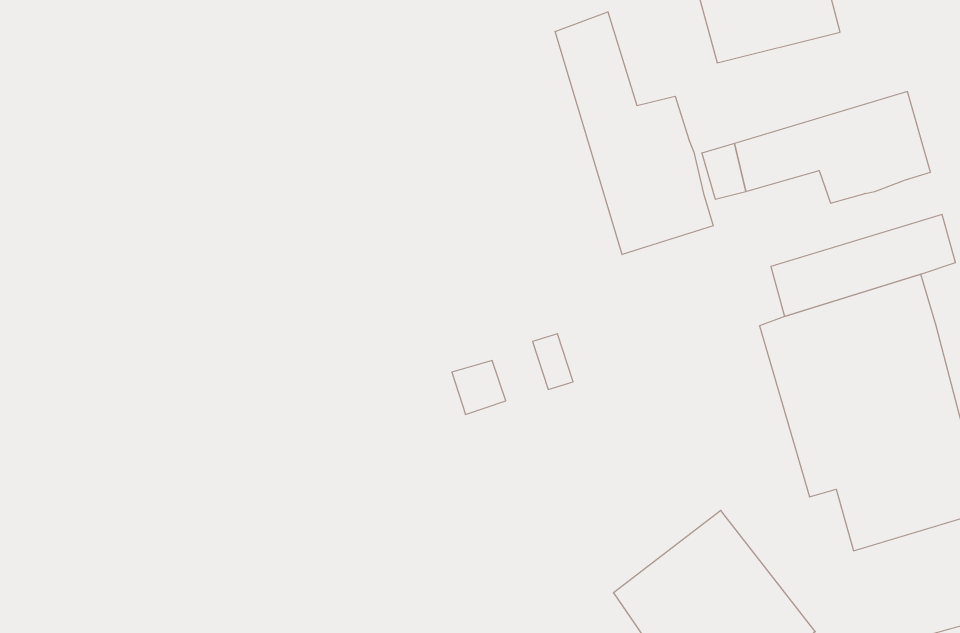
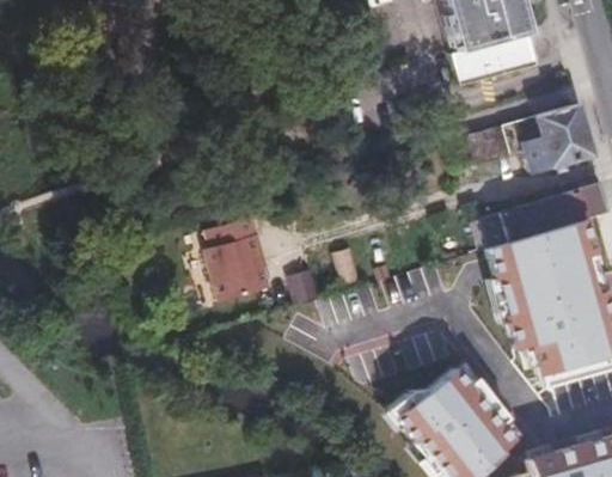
building: [555,12,713,255] -> none
building: none -> [208,216,271,301]

